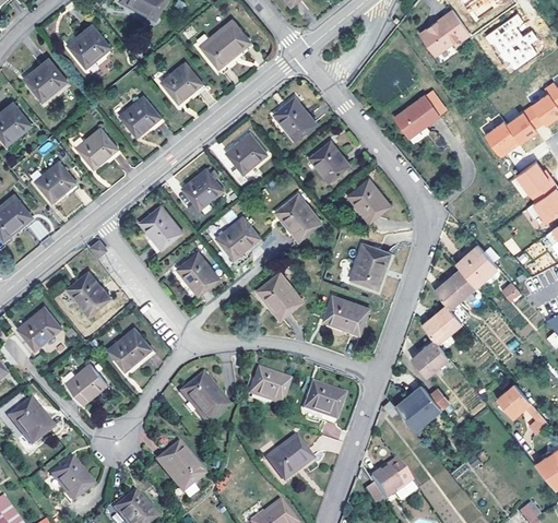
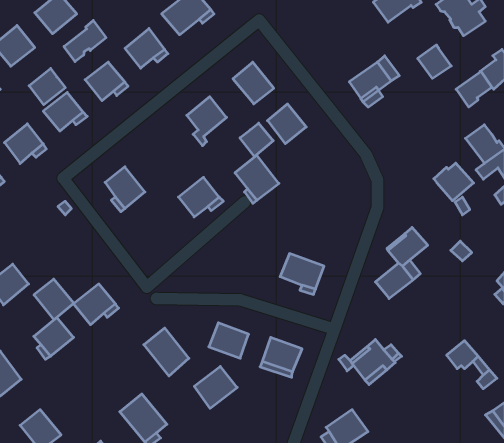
building: none -> [64,20,106,62]
building: none -> [29,68,65,105]
building: [484,121,519,156] -> [418,45,451,78]
building: none -> [240,123,273,156]
building: [181,168,223,218] -> none
building: [347,179,390,223] -> none
building: [351,245,389,286] -> none
building: [456,248,498,287] -> [434,163,474,201]
building: [177,251,218,295] -> none
building: [68,272,109,314] -> [34,279,74,320]
building: [257,272,301,318] -> none
building: [412,340,449,376] -> none
building: [268,437,312,480] -> [194,366,237,408]

